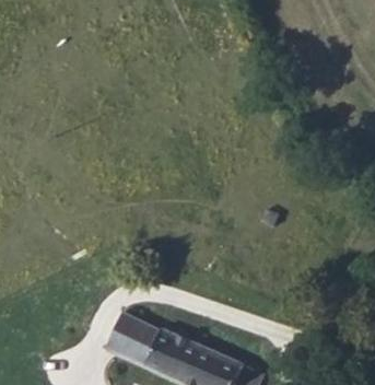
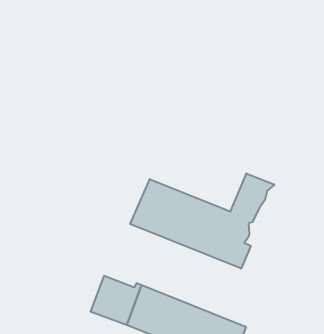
building: none -> [130,173,274,269]

